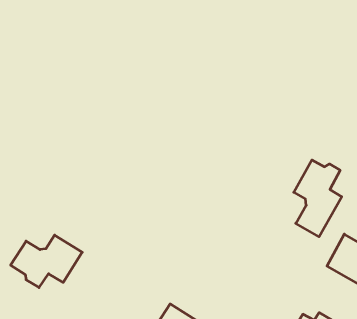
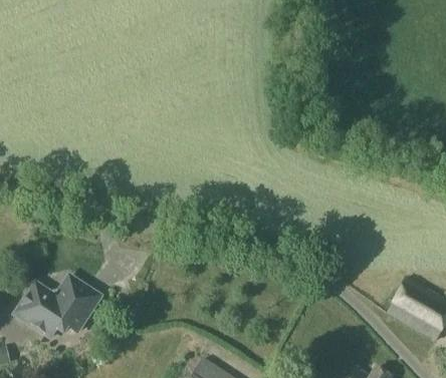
building: [294,160,342,237] -> none

